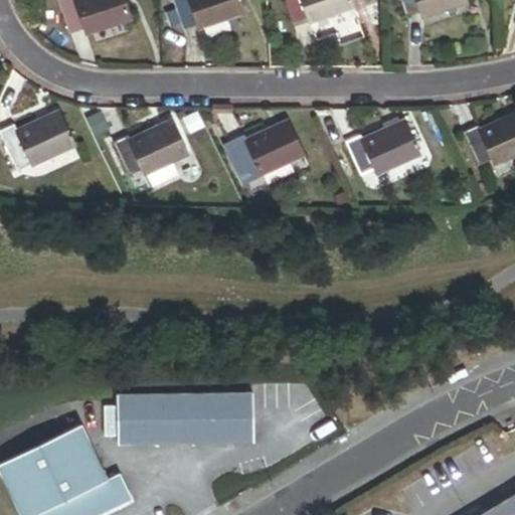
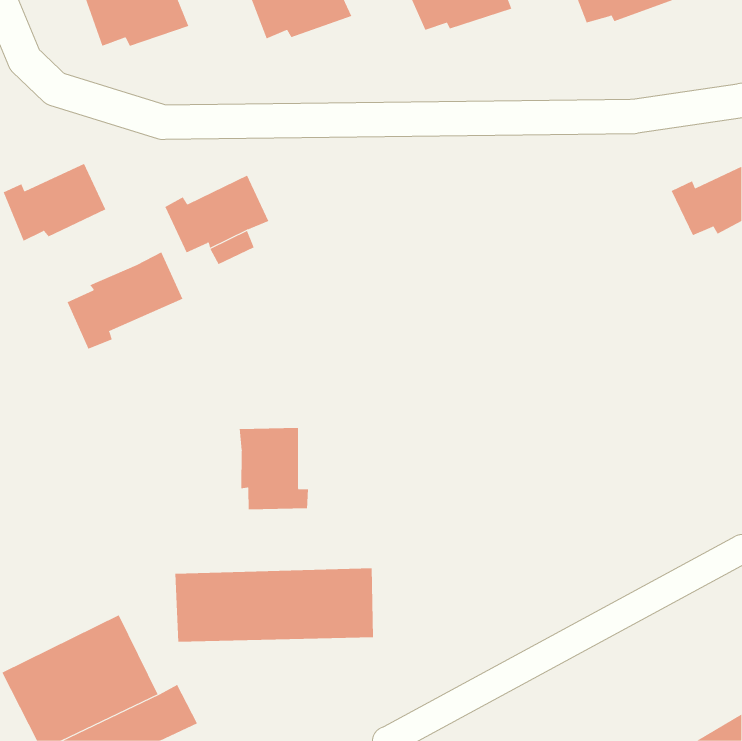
building: [230,121,304,175] -> none
building: [346,121,418,175] -> none
building: none -> [67,252,183,350]
building: none -> [239,427,308,510]

